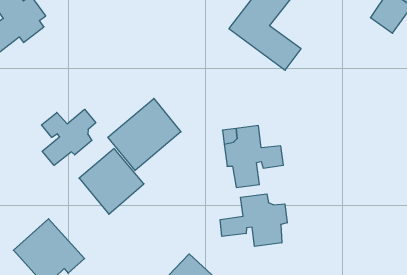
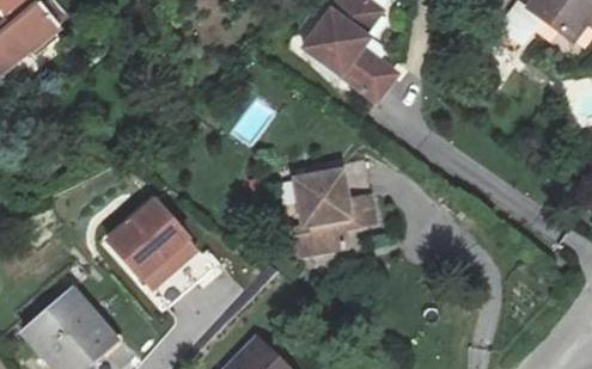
building: [108,98,181,171] -> none
building: [41,109,96,165] -> none
building: [220,194,287,246] -> none

